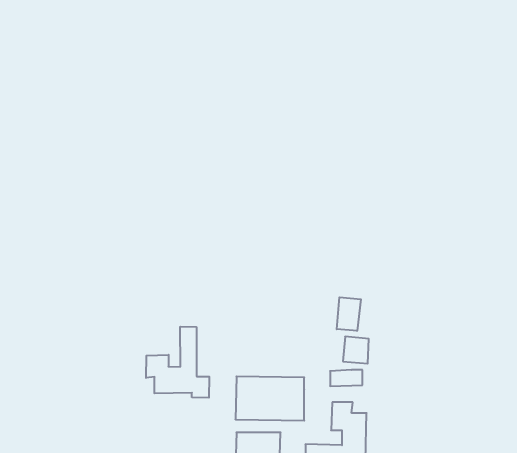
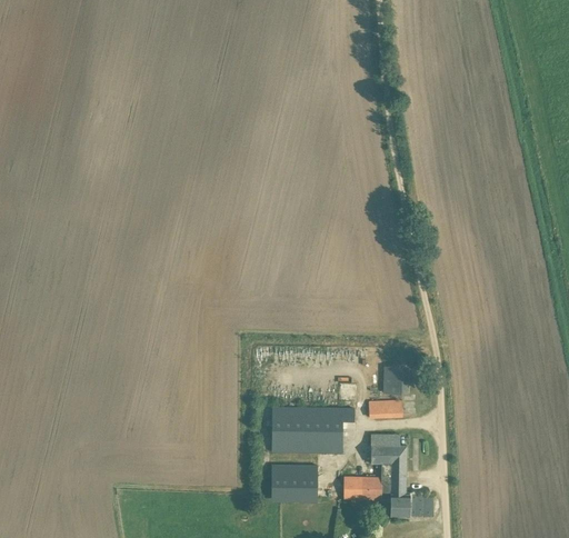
building: [337,297,361,331] -> none
building: [146,327,209,398] -> none

